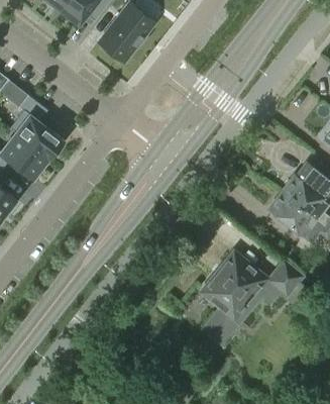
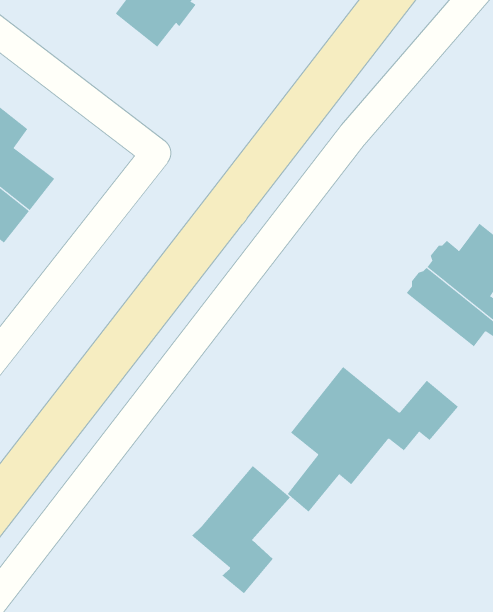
building: none -> [191,465,291,594]

